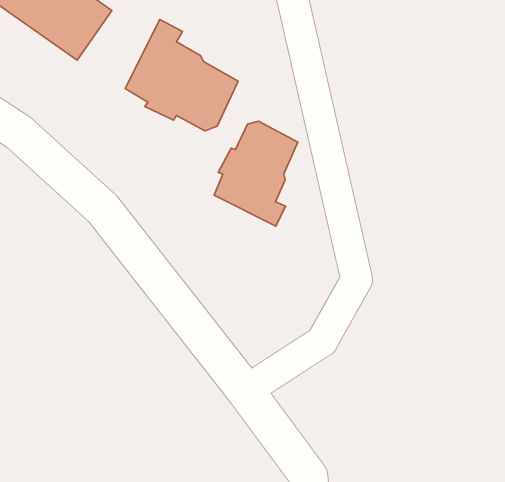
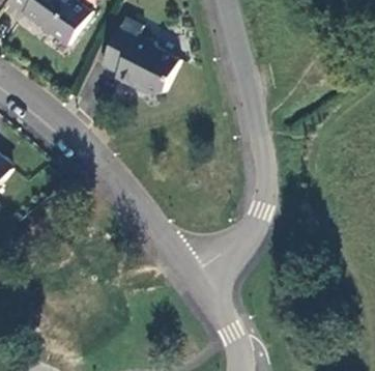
building: [214,121,298,226] -> none

